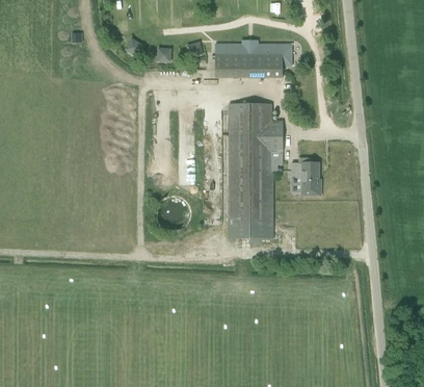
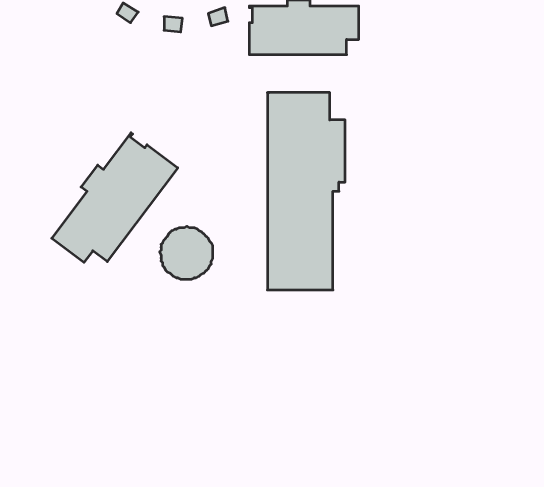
building: none -> [52,133,178,262]
building: [290,157,319,192] -> none

